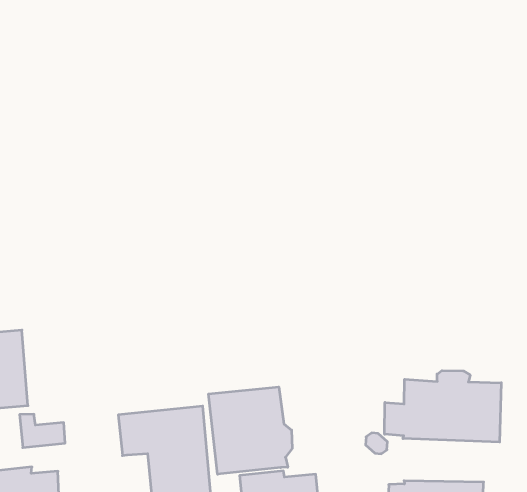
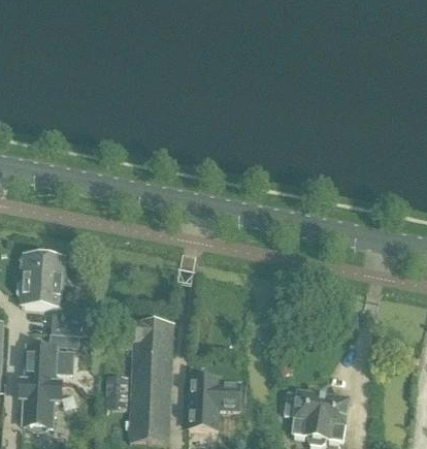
building: [385,371,501,442] -> none
building: [209,387,292,474] -> none

